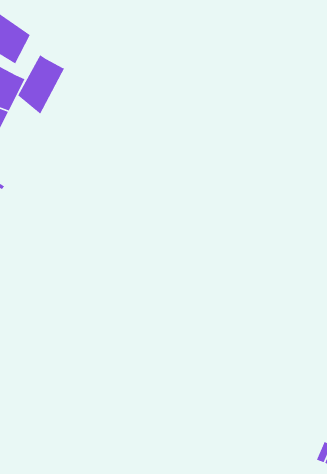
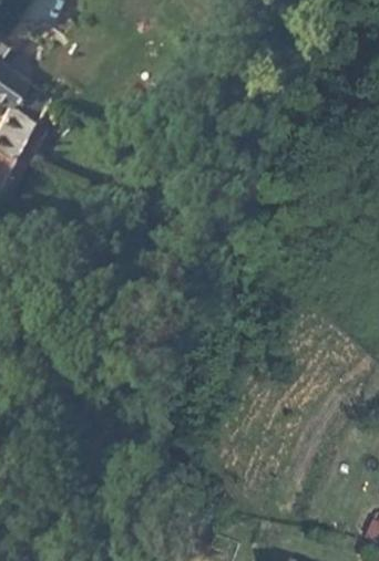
building: [17,54,65,115] -> none

